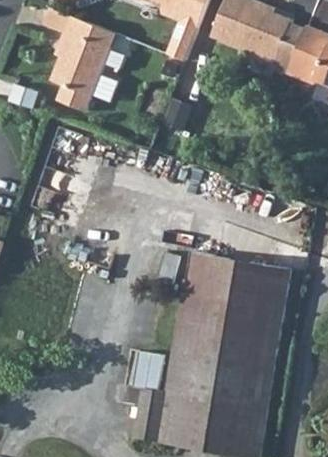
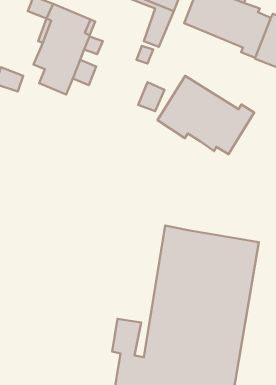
building: none -> [157,76,254,154]

